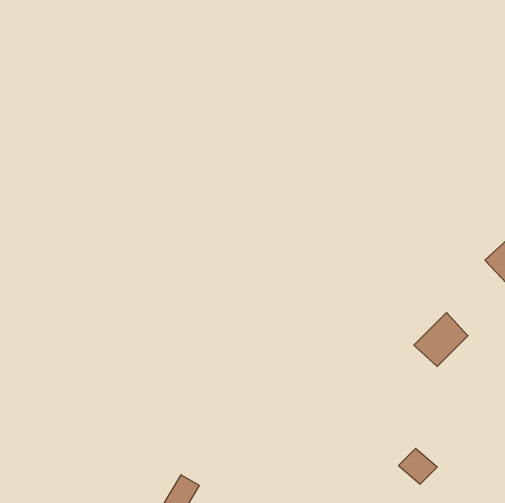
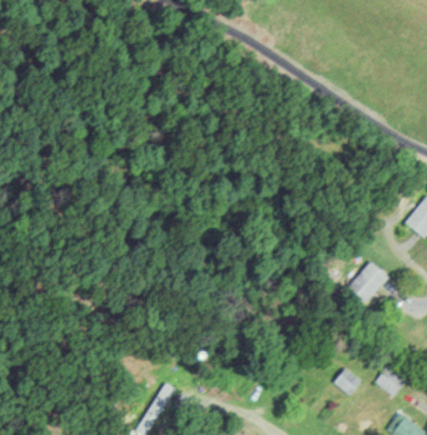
building: none -> [375,364,408,396]

